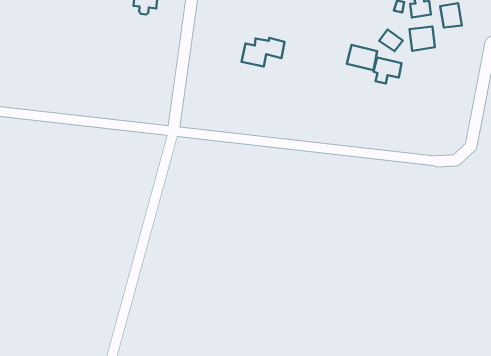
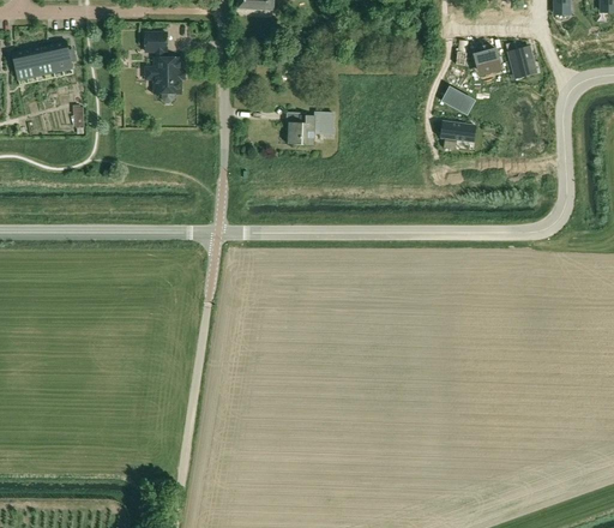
building: [410,26,435,51] -> none
building: [347,45,377,70] -> none

